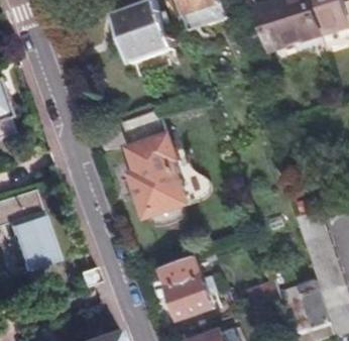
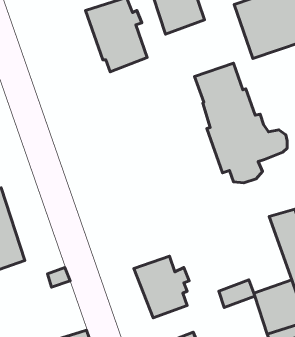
building: [121,109,212,227] -> [195,63,287,183]

